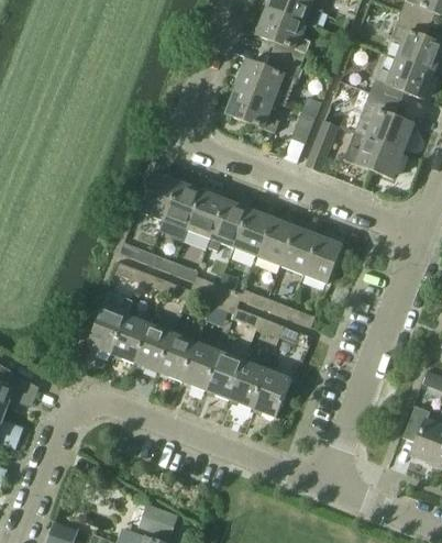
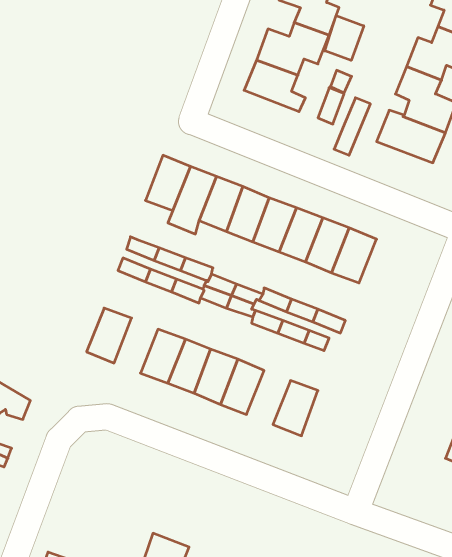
building: none -> [325,16,364,60]
building: [111,314,150,363] -> none
building: [228,361,266,408] -> none

